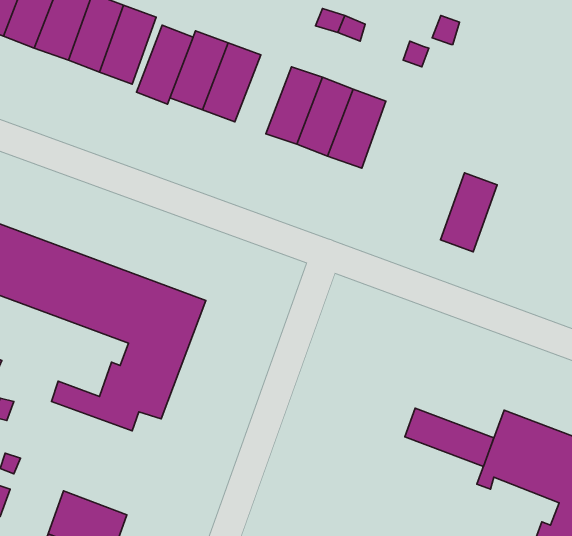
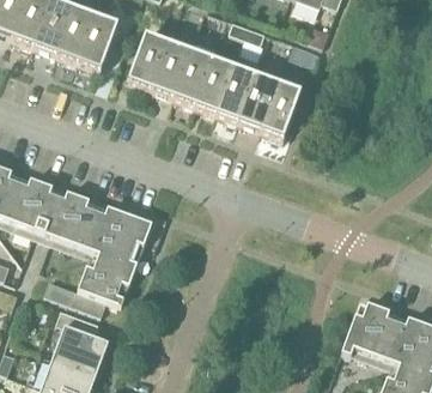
building: [136,25,193,104] -> [172,52,212,107]
building: [441,173,497,252] -> [261,84,300,139]
building: [405,408,494,466] -> none
building: none -> [53,309,108,373]

